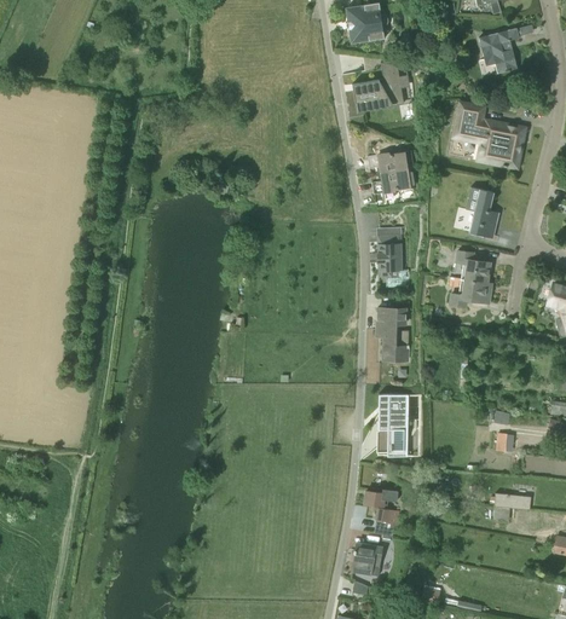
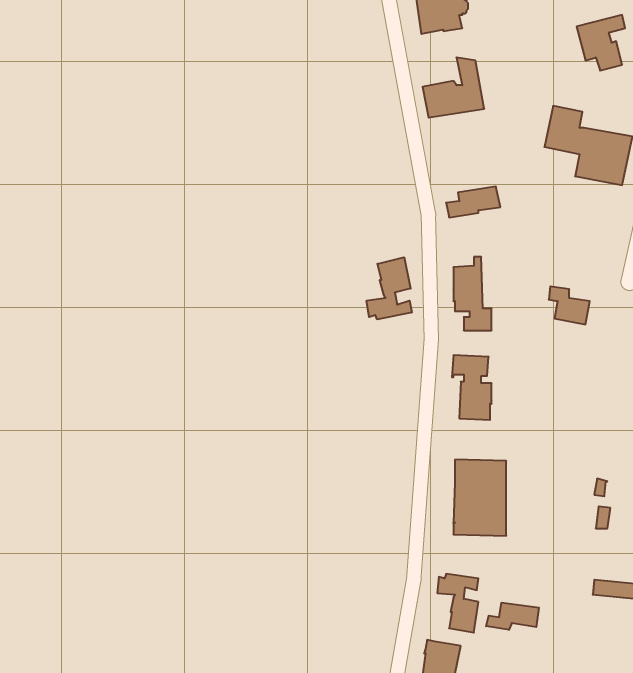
building: [368,151,412,173] -> none
building: [470,186,498,237] -> none
building: none -> [367,257,412,319]
building: [450,277,490,306] -> none
building: none -> [486,603,539,630]

